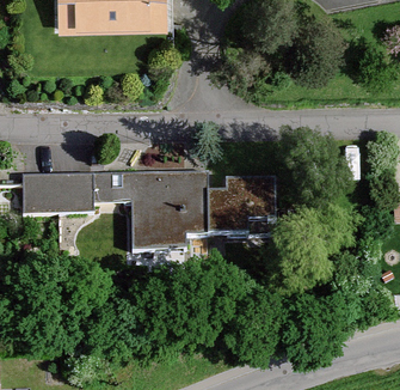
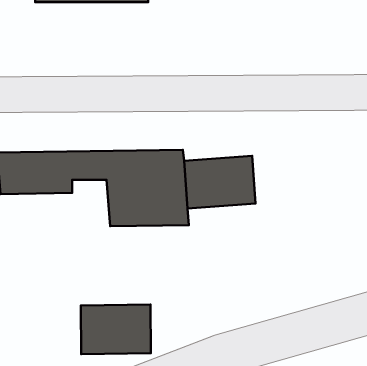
building: none -> [81,304,151,354]

